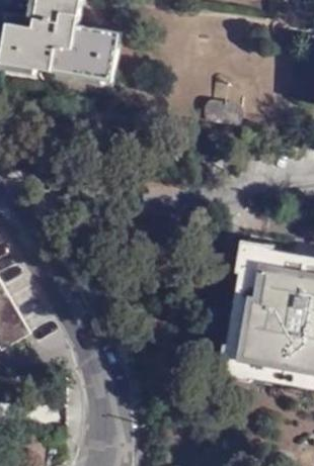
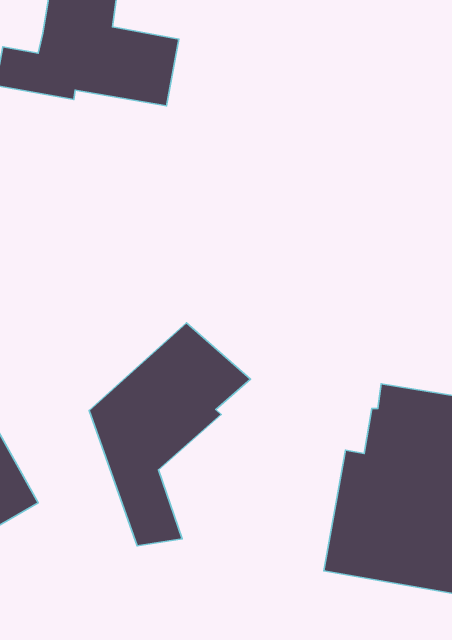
building: none -> [89,323,251,546]

